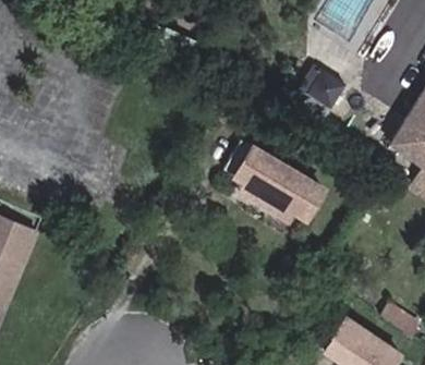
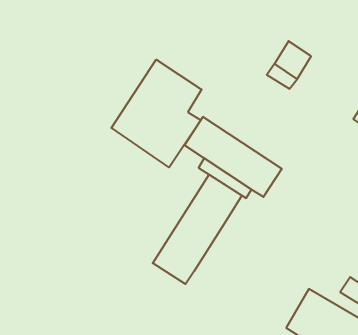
building: none -> [111,60,202,167]
building: none -> [153,175,242,284]

